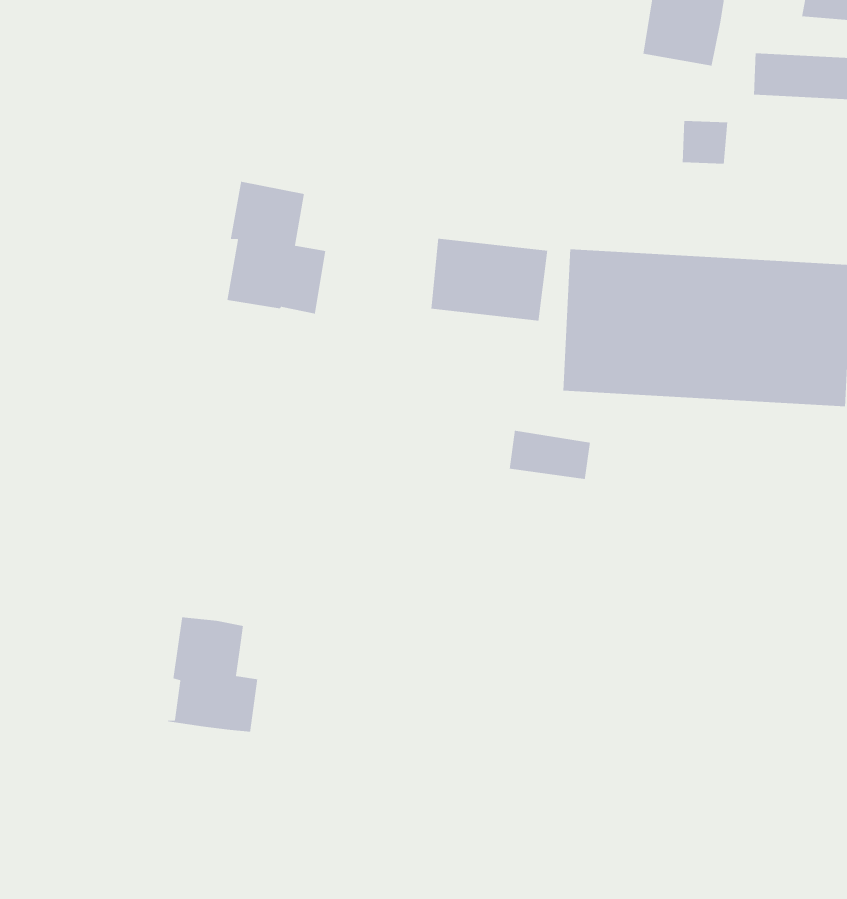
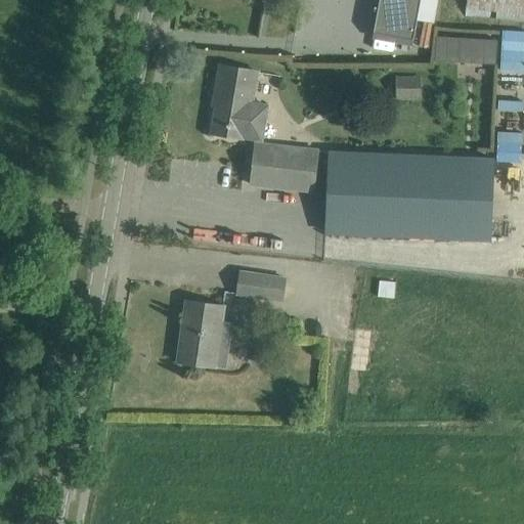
building: [226,181,326,315] -> [211,64,268,141]
building: [509,430,591,480] -> [235,272,282,301]
building: [167,617,258,732] -> [177,301,229,367]

